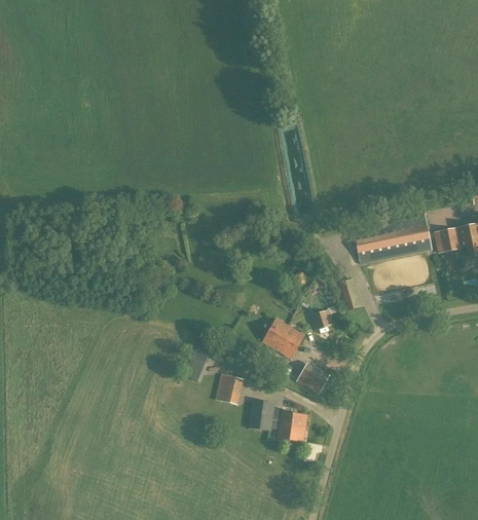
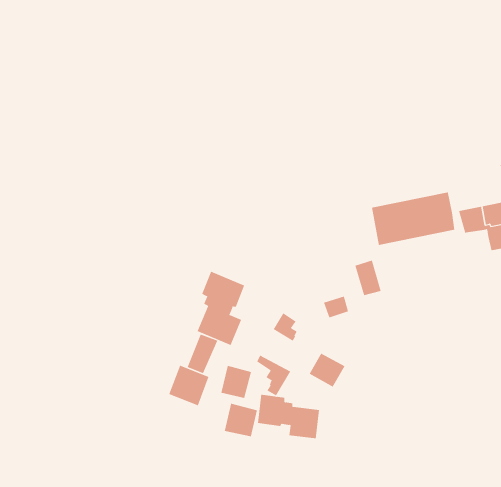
building: none -> [197,271,245,346]
building: [272,319,304,357] -> [256,355,291,396]
building: none -> [169,365,209,406]
building: none -> [224,403,258,437]

